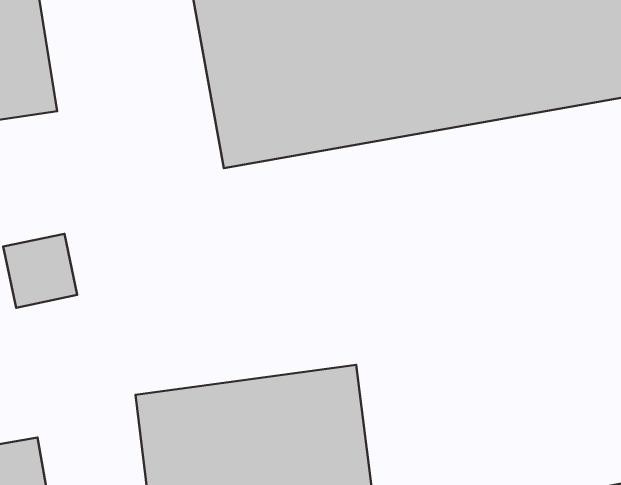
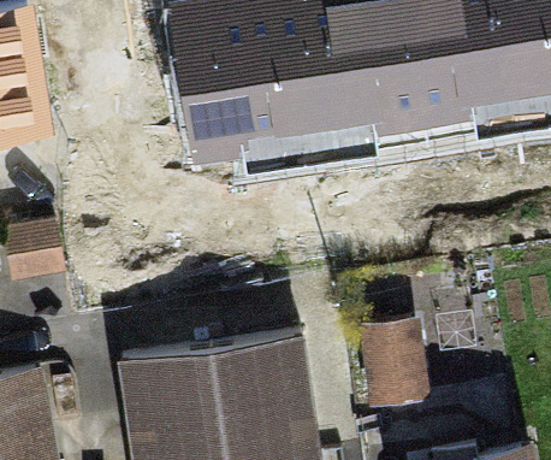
building: none -> [363,318,428,406]

